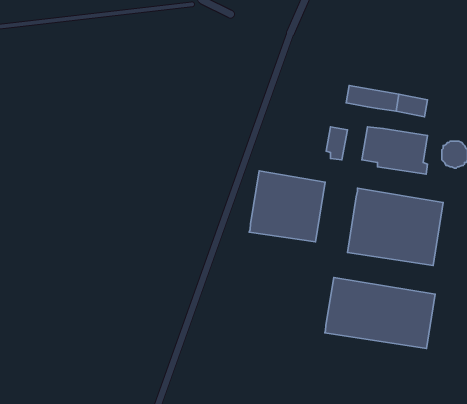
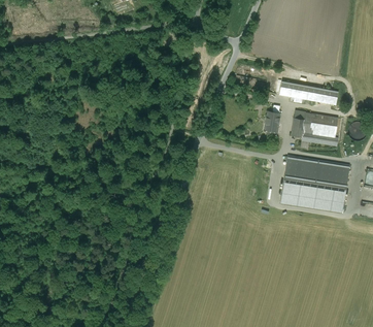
building: [249,171,325,242] -> none
building: [325,277,435,348] -> none

